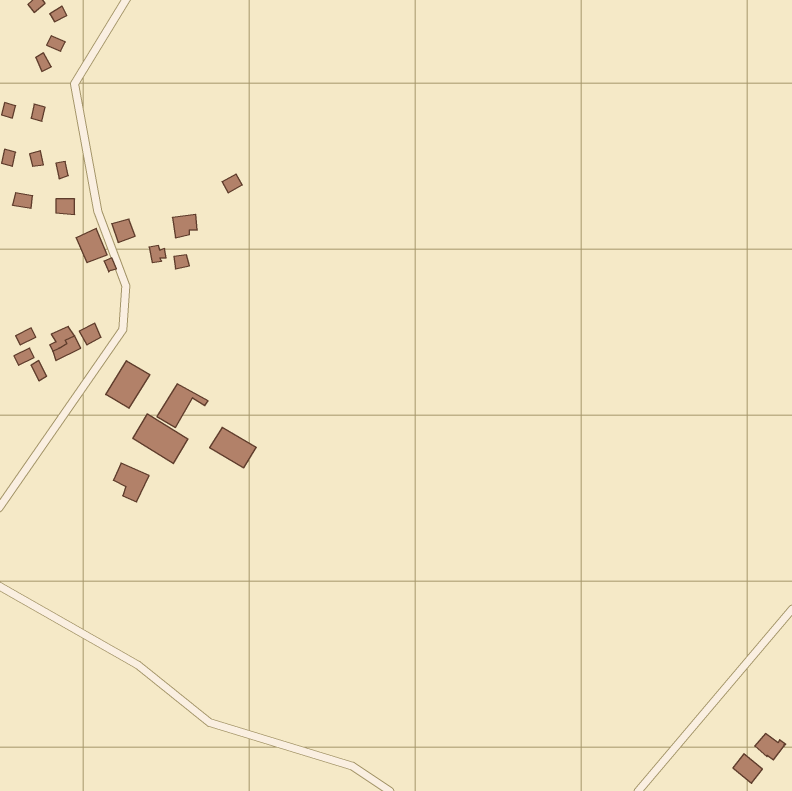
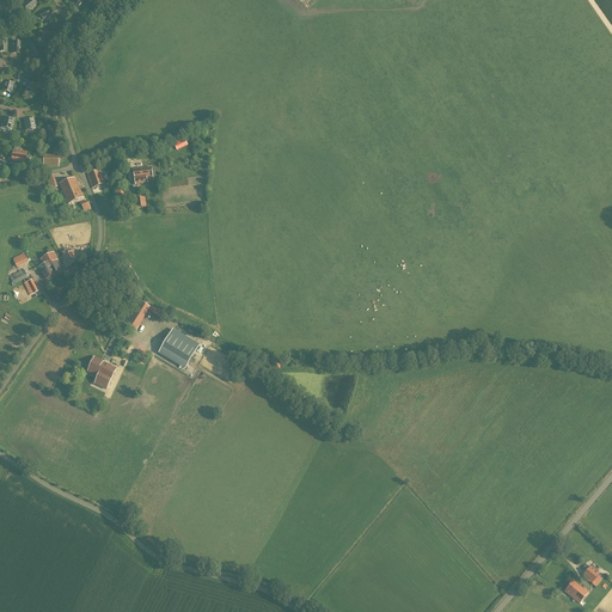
building: [106,361,150,408] -> none
building: [133,414,188,464] -> none

